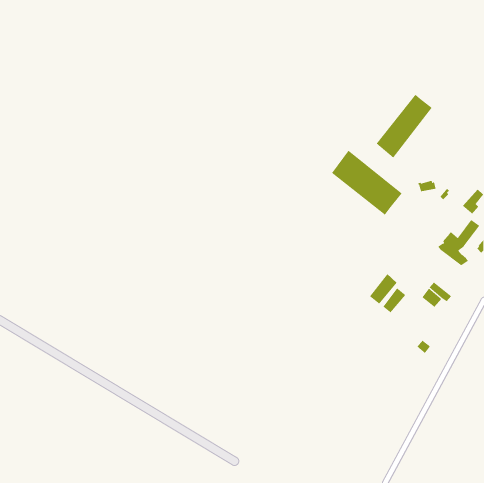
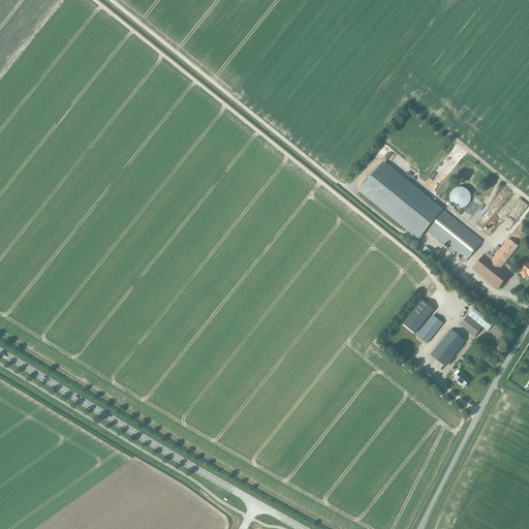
building: [376,94,433,158] -> none
building: none -> [430,214,472,254]
building: none -> [430,328,464,364]

